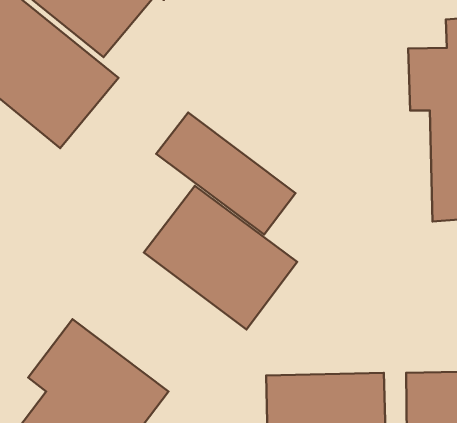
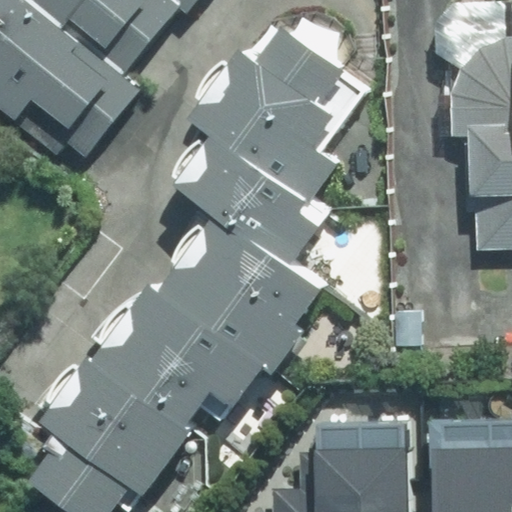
building: none -> [191,19,346,202]
building: none -> [95,277,270,442]

